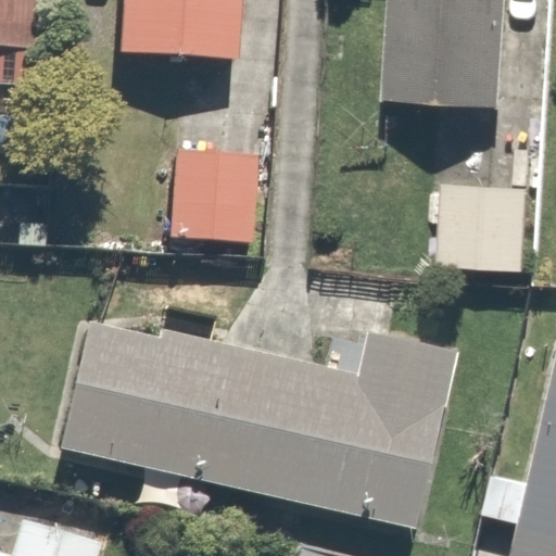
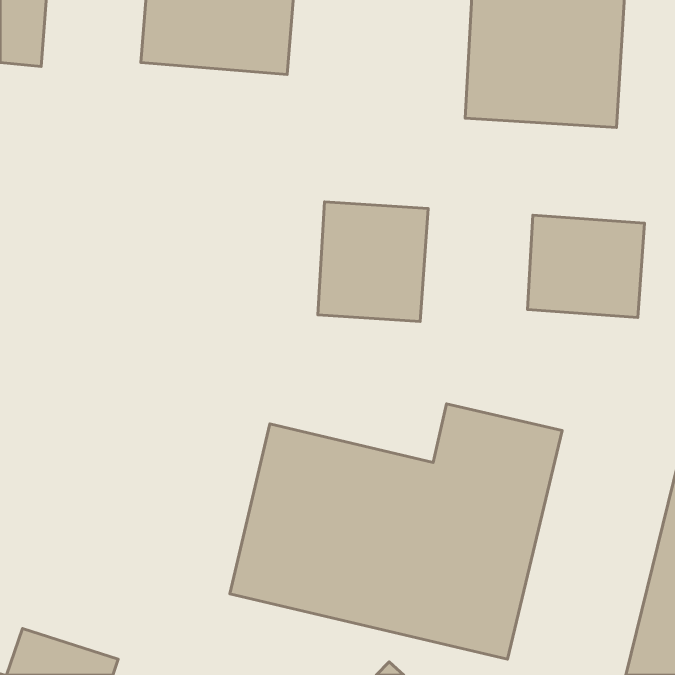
building: [164,140,254,238] -> [318,202,428,322]
building: [52,317,224,485] -> none

